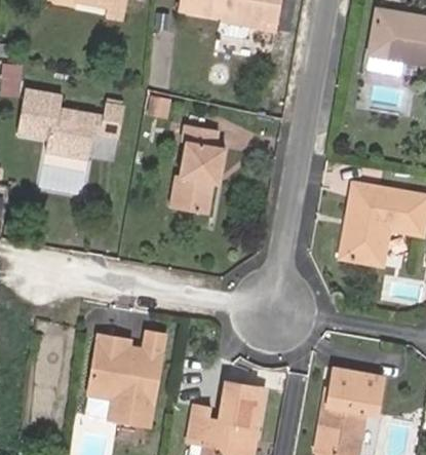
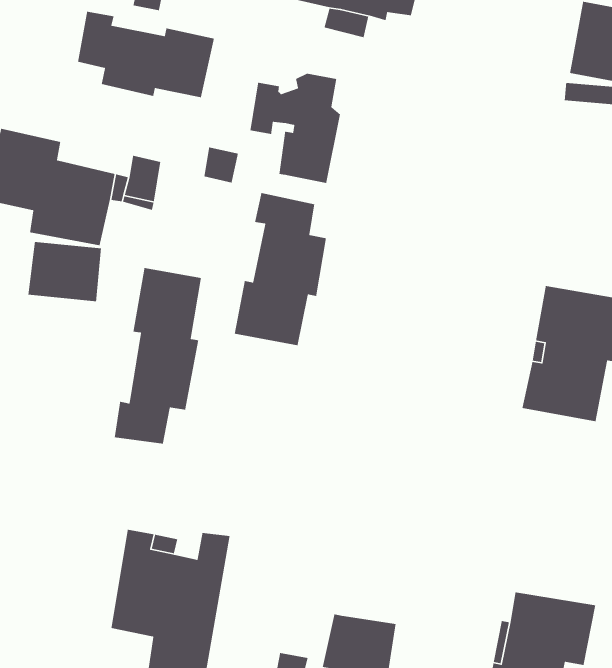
building: none -> [77,11,215,98]
building: none -> [250,73,341,184]
building: none -> [114,267,202,444]

